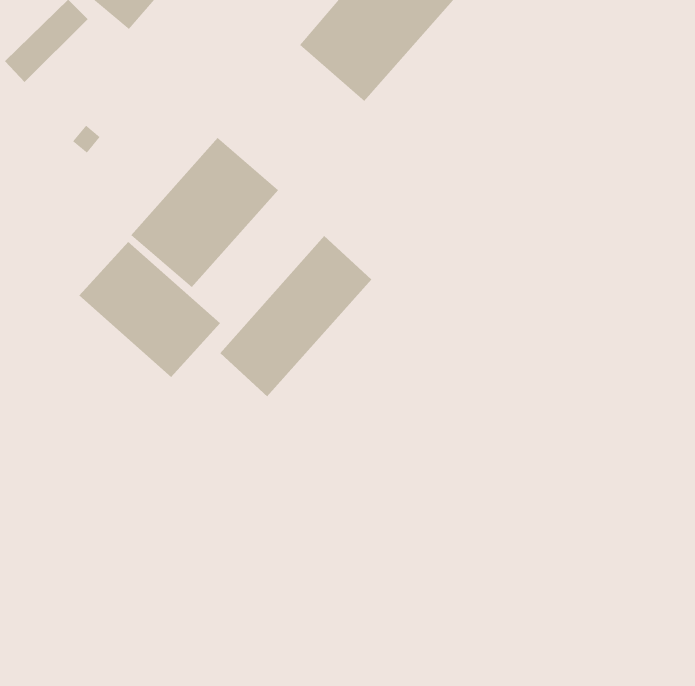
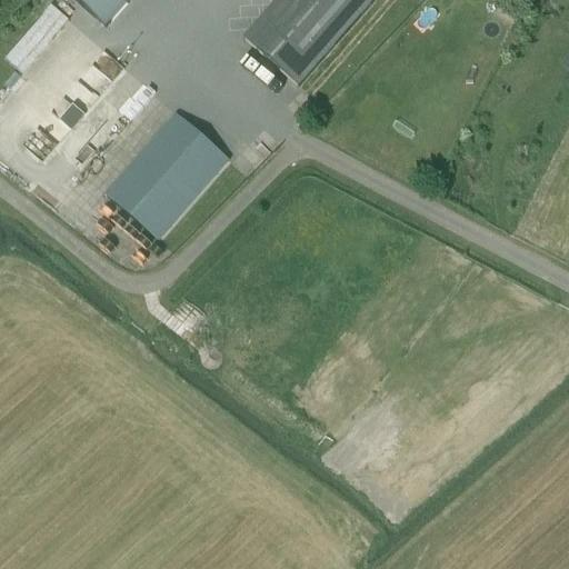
building: [219,235,372,397] -> none
building: [78,241,221,378] -> none

